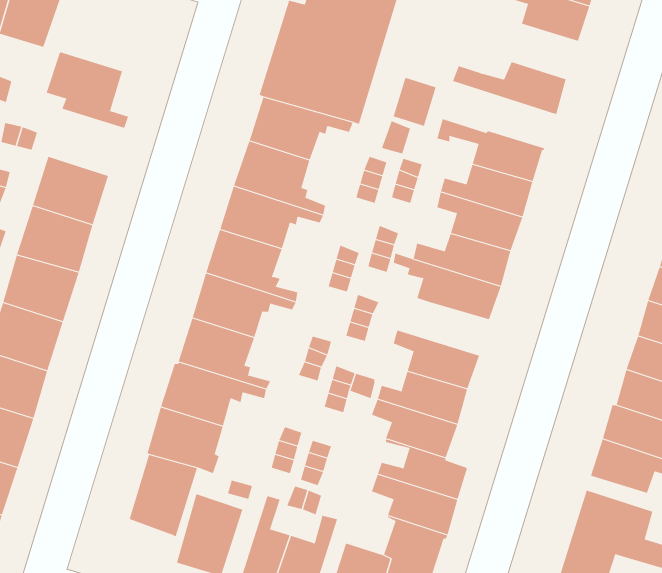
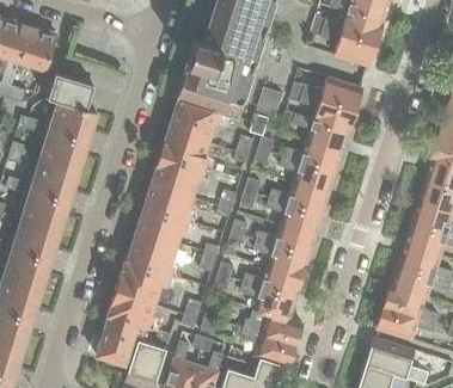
building: none -> [290,90,356,130]
building: none -> [48,106,94,147]
building: none -> [259,223,316,255]

